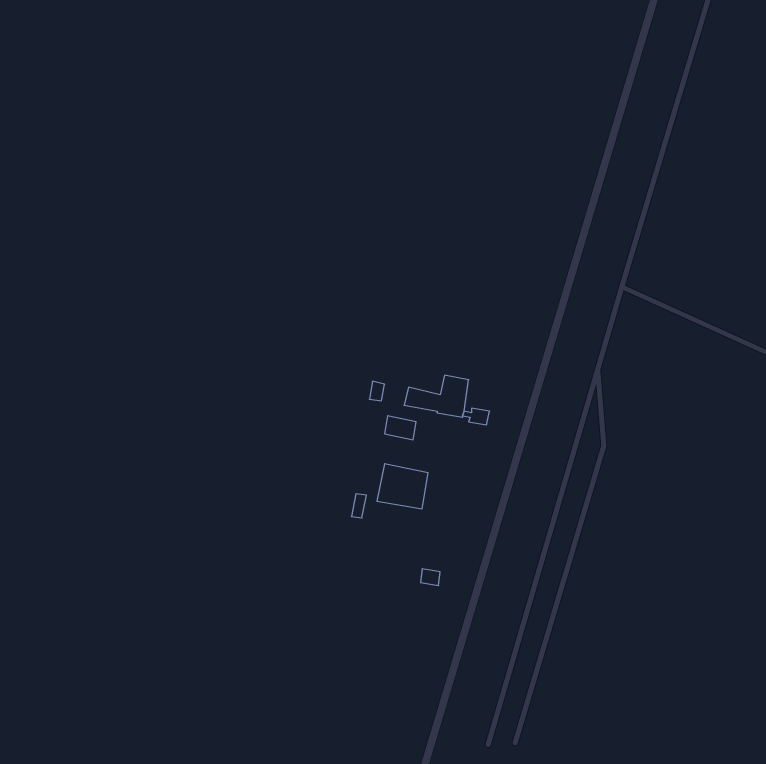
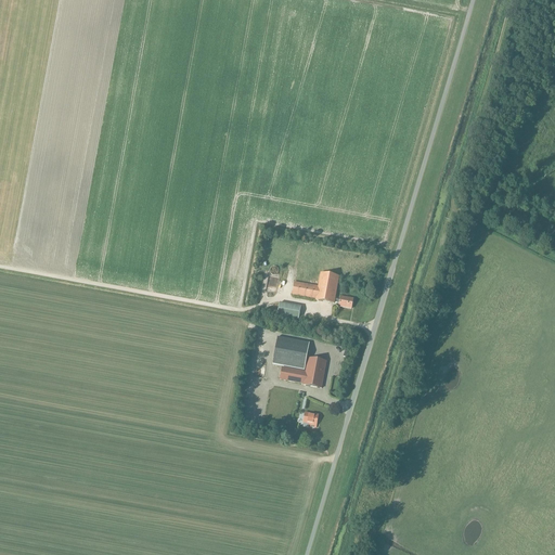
building: none -> [281,357,327,387]

